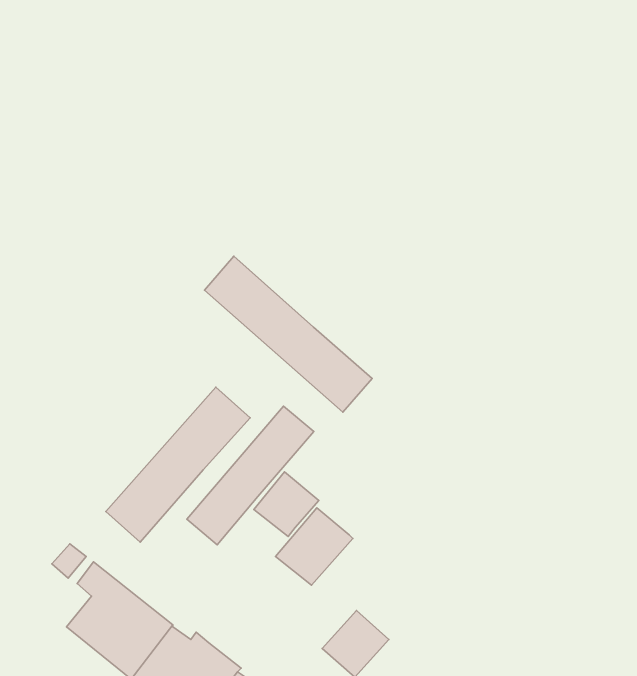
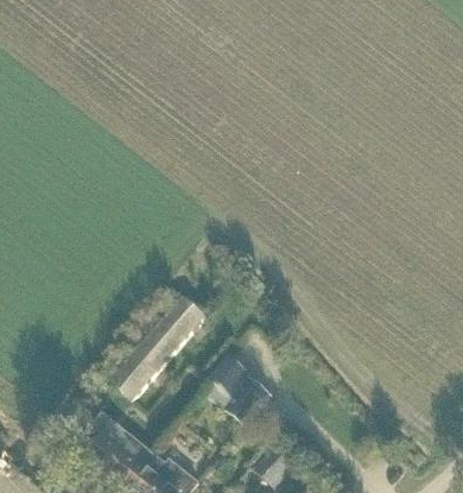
building: [205,256,372,412] -> none
building: [187,406,314,545] -> none

